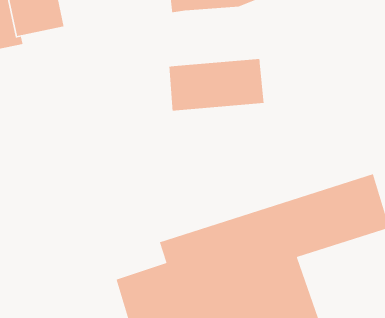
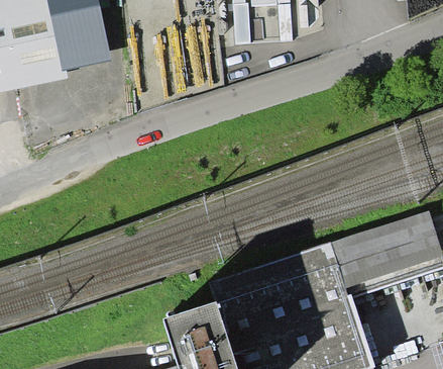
building: [169,58,264,112] -> none

